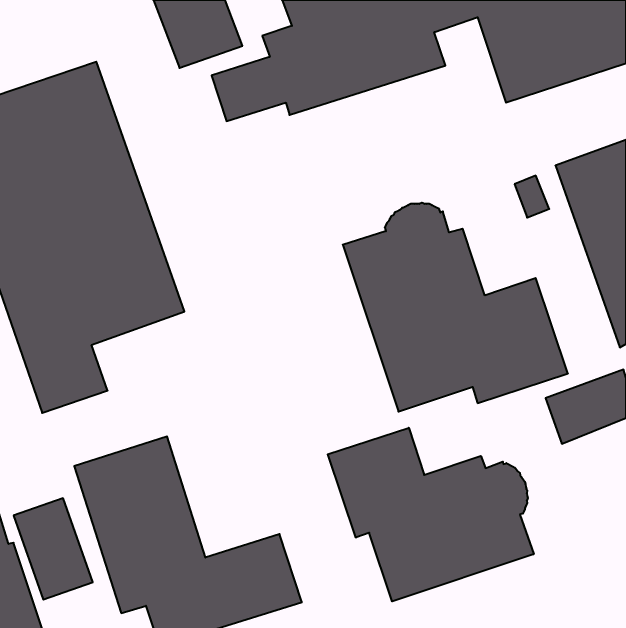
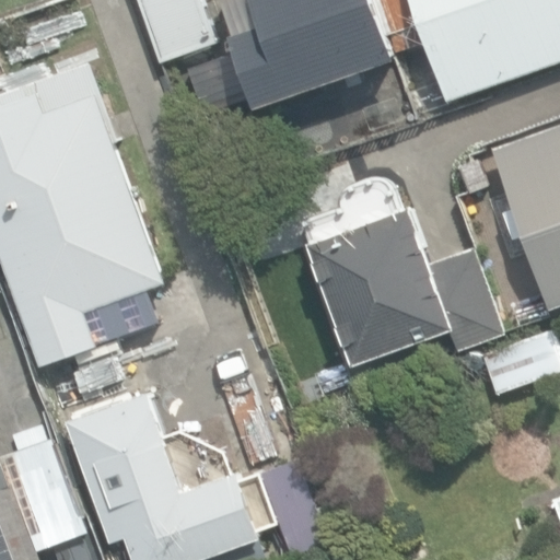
building: [328,428,534,601] -> none

